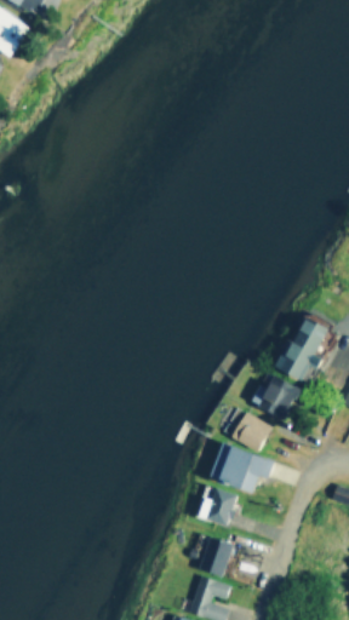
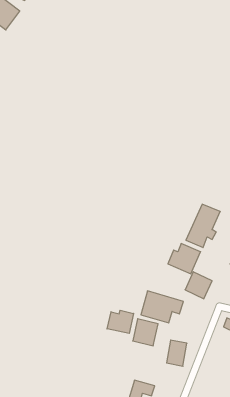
building: [231,412,271,452] -> [185,272,212,299]
building: none -> [107,310,134,333]
building: [201,538,231,576] -> [167,340,187,366]

